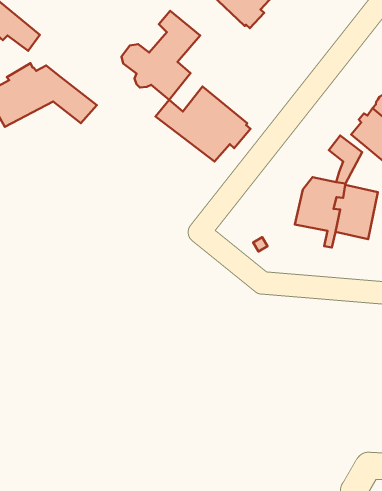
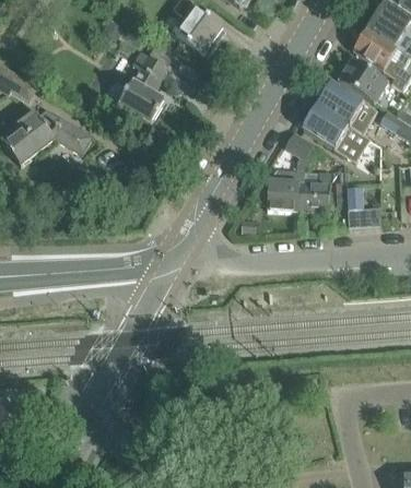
building: [156,86,251,162] -> none

